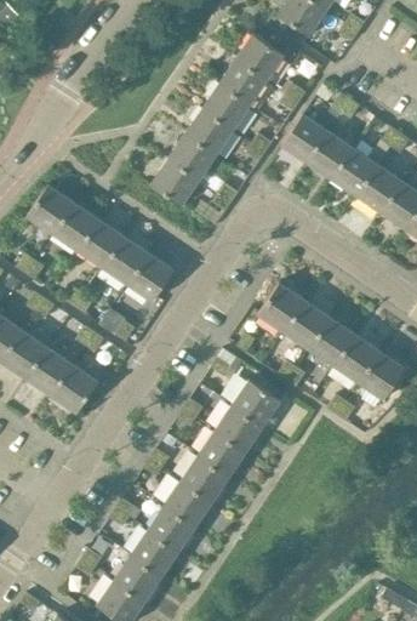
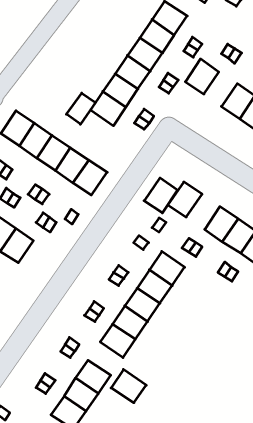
building: [307,132,353,180] -> none
building: none -> [66,93,96,124]
building: [282,301,329,349] -> [144,178,177,213]
building: [51,365,97,414] -> none
building: [147,505,195,551] -> [111,369,146,403]

